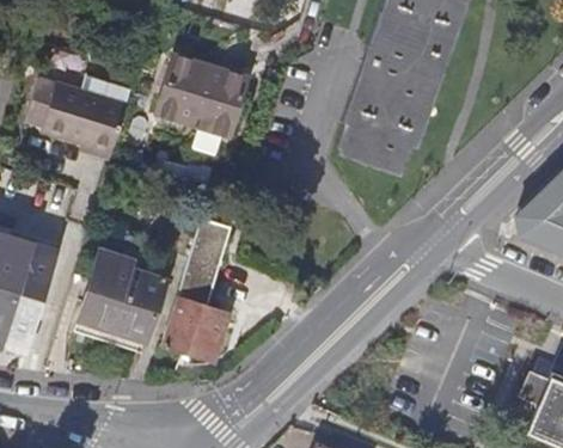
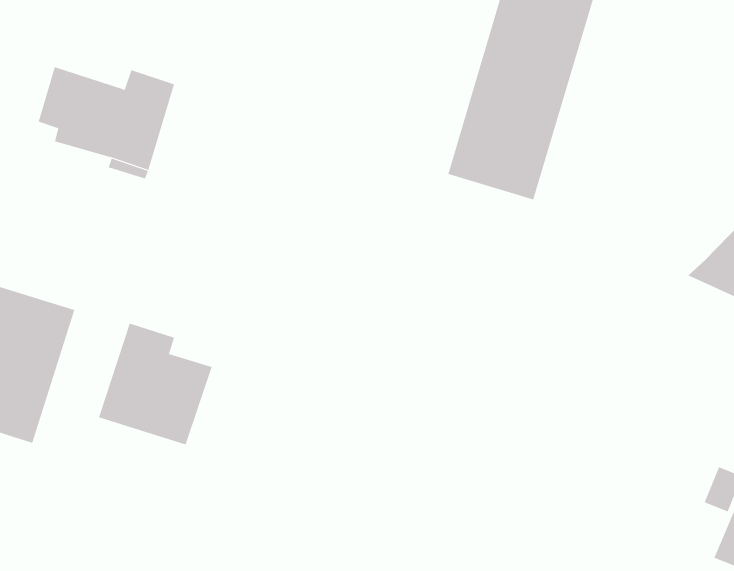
building: [158,53,250,133] -> none
building: [161,211,232,360] -> none

